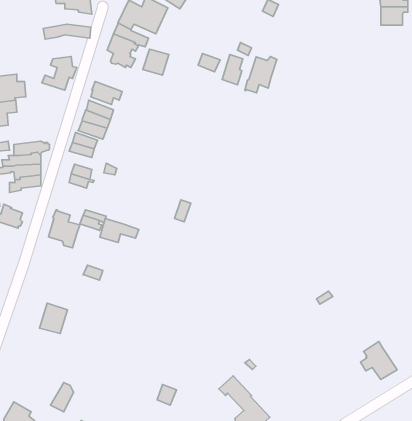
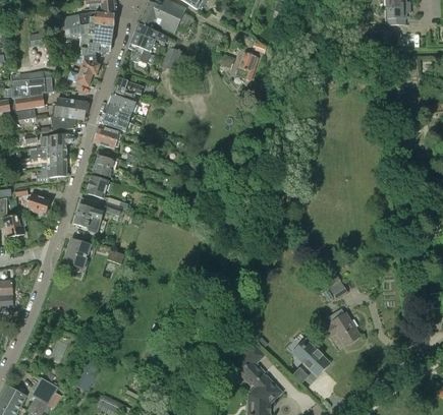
building: none -> [60,11,114,28]
building: none -> [71,34,112,57]
building: [245,57,277,93] -> none
building: none -> [51,97,87,130]
building: [100,219,139,243] -> [86,176,122,198]
building: [39,303,68,334] -> [63,239,90,268]
building: [360,342,397,380] -> [325,308,359,344]
building: none -> [296,342,328,374]

